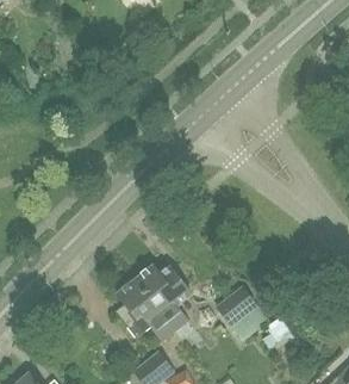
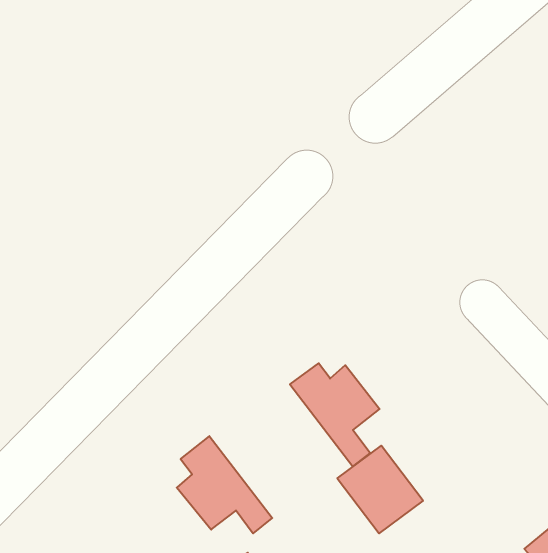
building: [135,266,191,330] -> [290,363,380,466]

